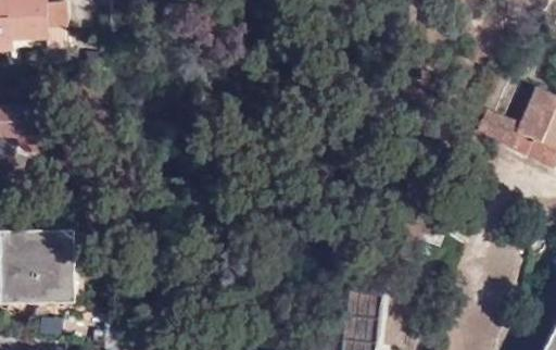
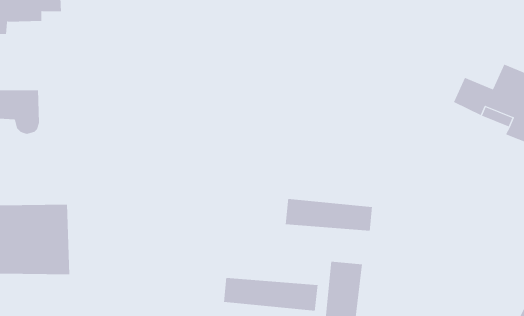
building: none -> [285,198,372,232]
building: none -> [224,277,318,312]

